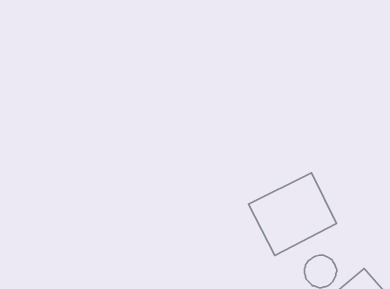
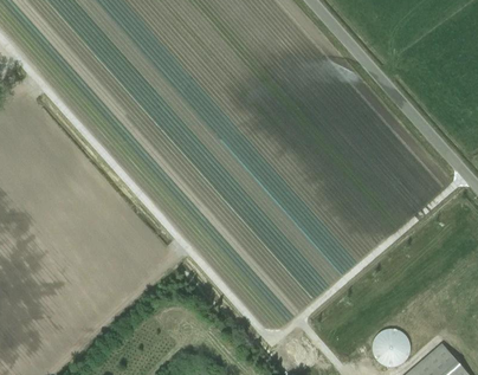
building: [249,173,337,255] -> none

